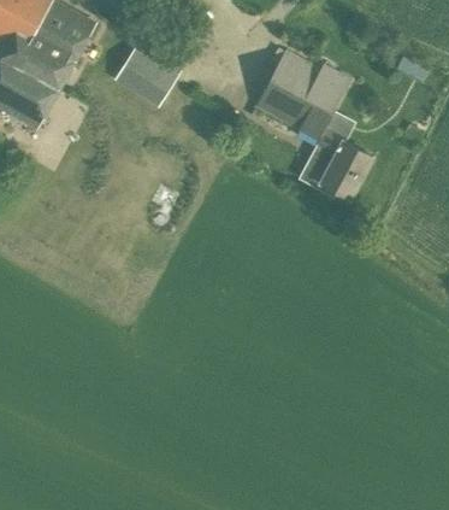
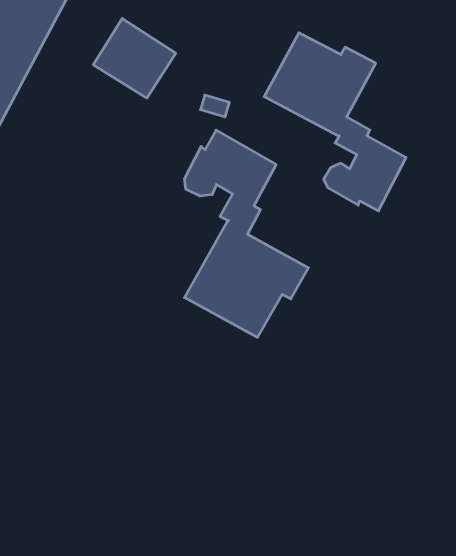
building: none -> [184,130,309,337]

